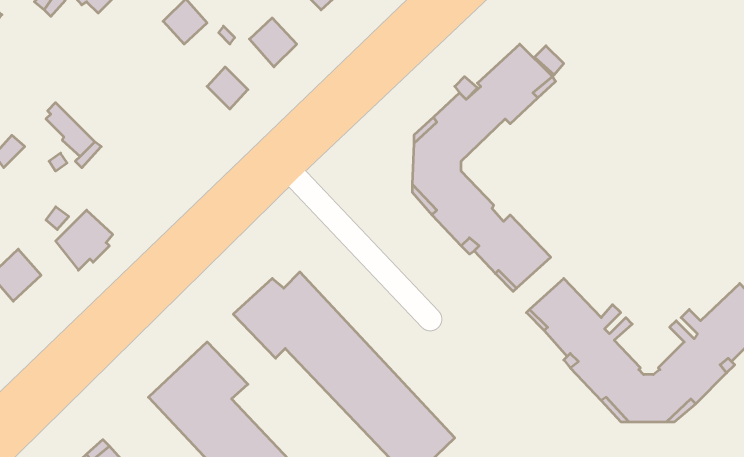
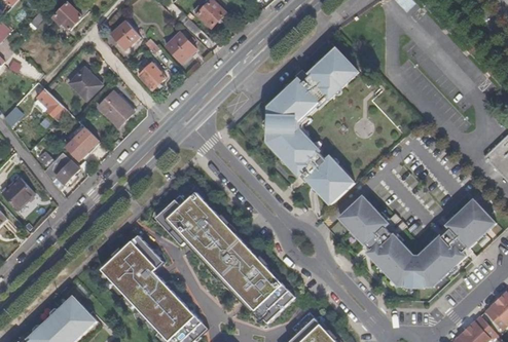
building: none -> [68,67,101,100]
building: none -> [98,92,133,126]
building: none -> [66,127,98,159]

